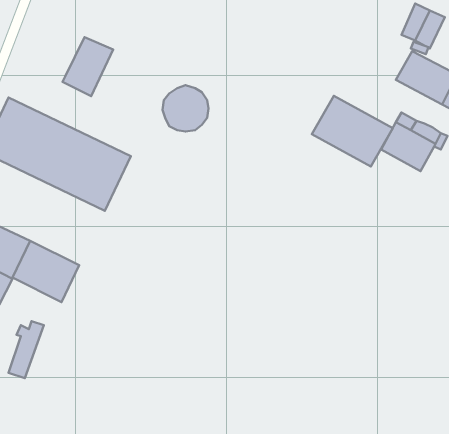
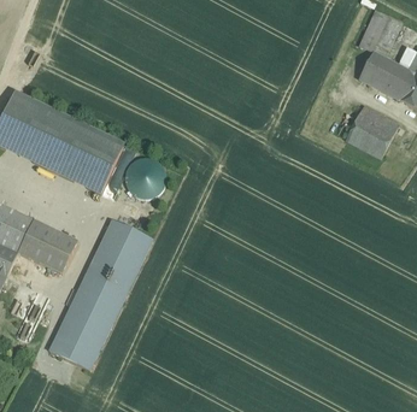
building: [63,37,113,96] -> none
building: [162,85,209,132] -> [124,157,165,198]
building: [312,96,393,167] -> none
building: none -> [48,219,152,370]

